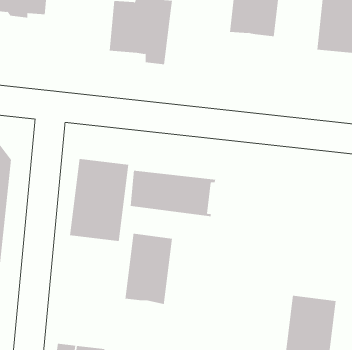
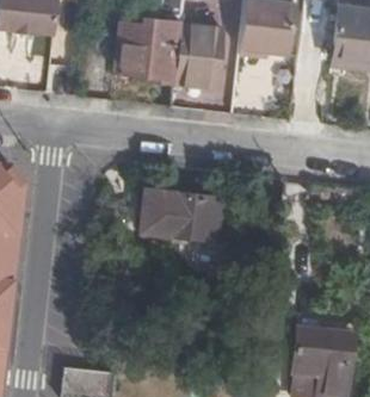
building: none -> [175,26,223,89]
building: [69,158,129,242] -> none
building: [125,233,173,305] -> none

